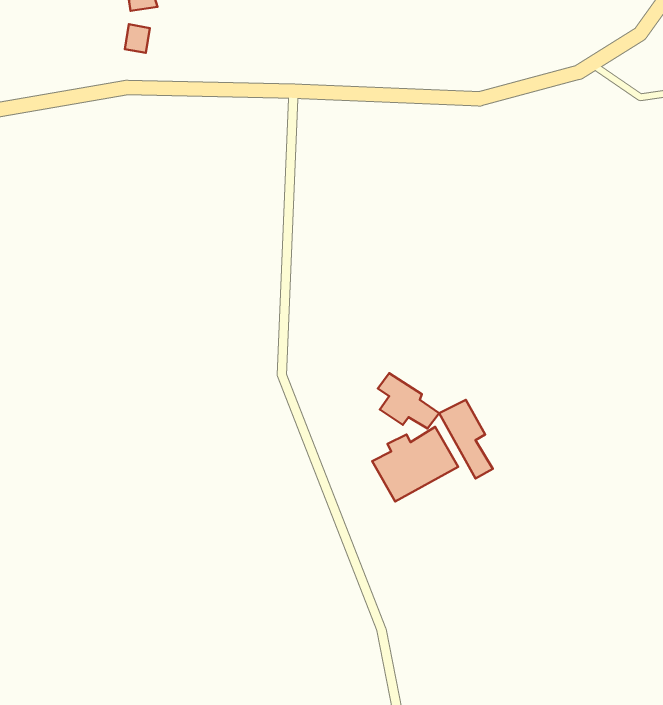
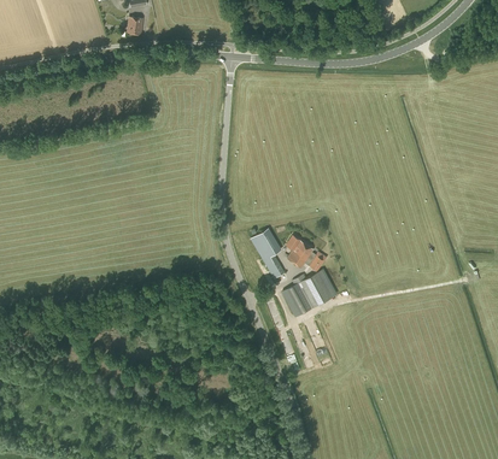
building: [439,400,493,478] -> [251,230,285,279]

